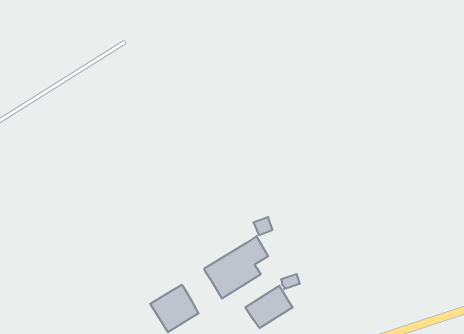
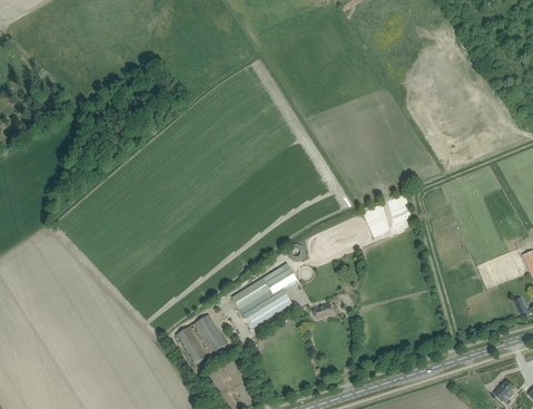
building: [246,286,293,328] -> none

